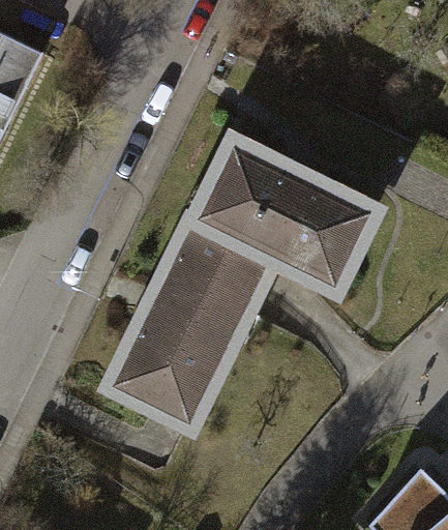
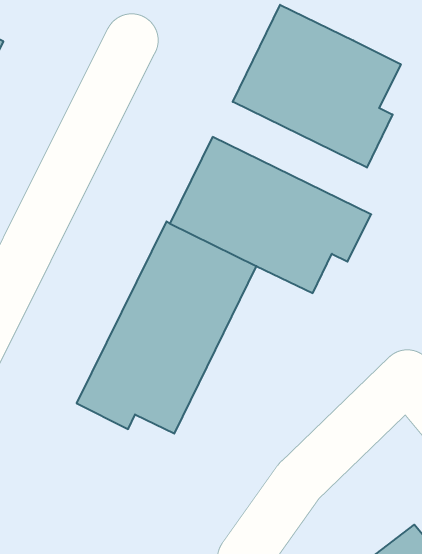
building: none -> [233,5,401,168]

